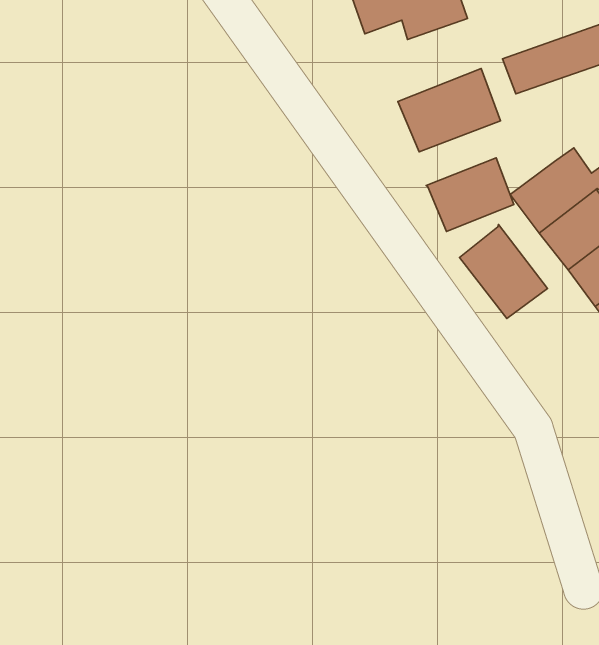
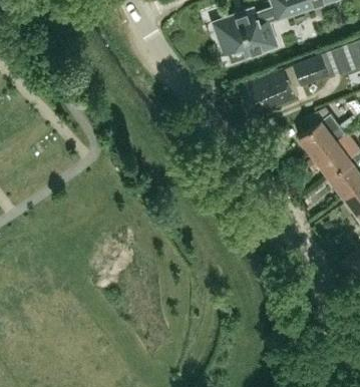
building: [426,158,514,231] -> none
building: [459,225,547,319] -> none

